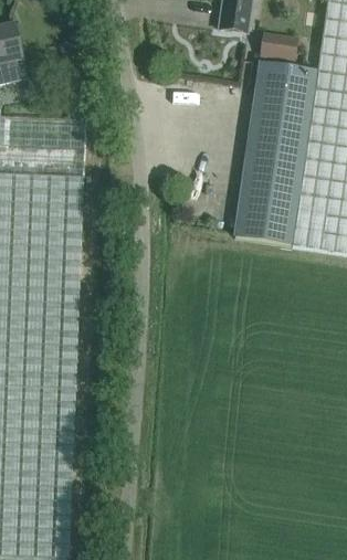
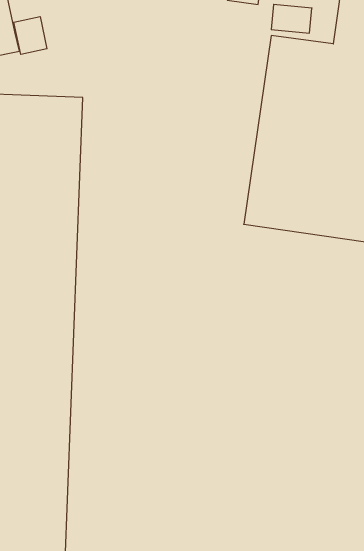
building: none -> [14,17,47,54]

